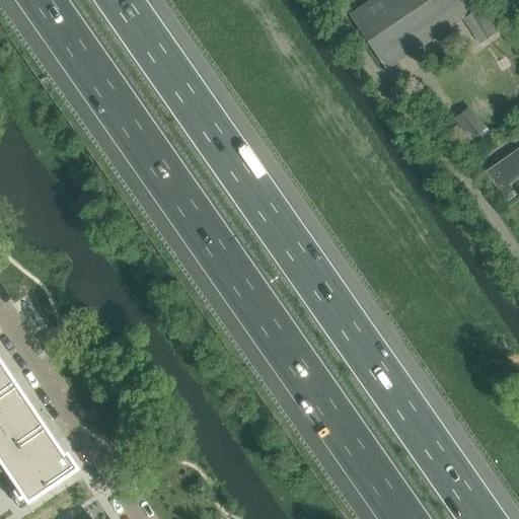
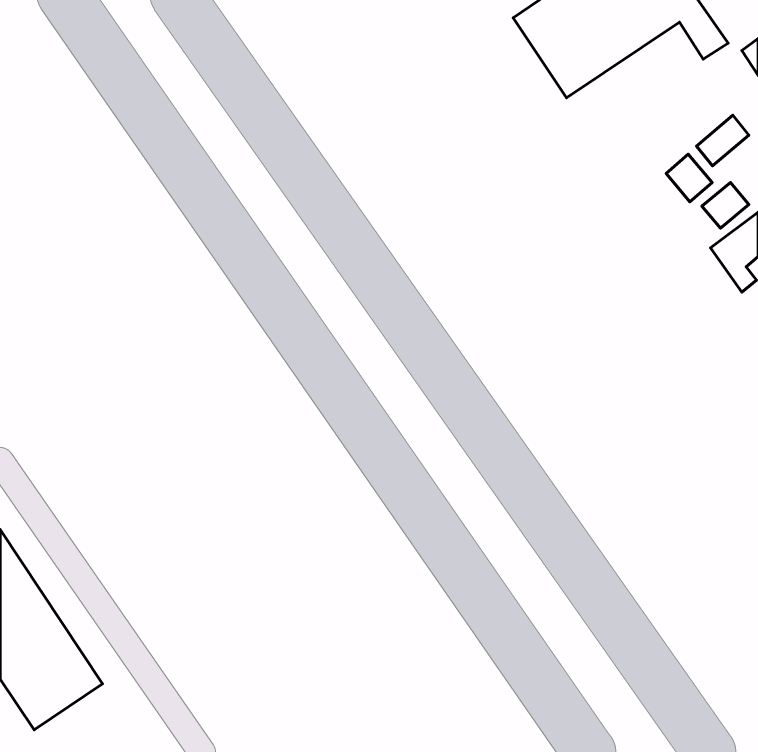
building: none -> [696,115,749,166]
building: none -> [702,183,749,228]

